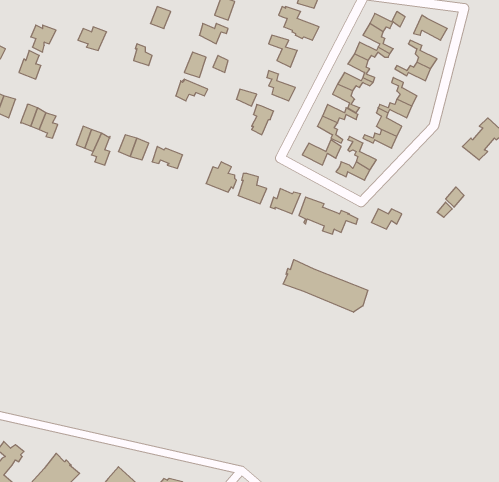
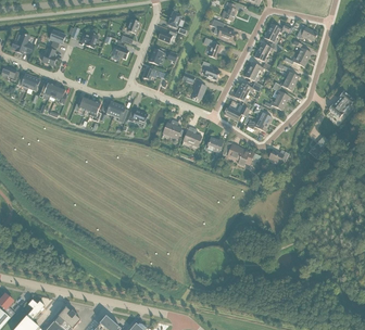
building: [283,260,368,312] -> none

